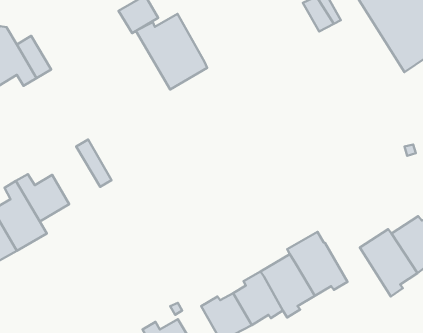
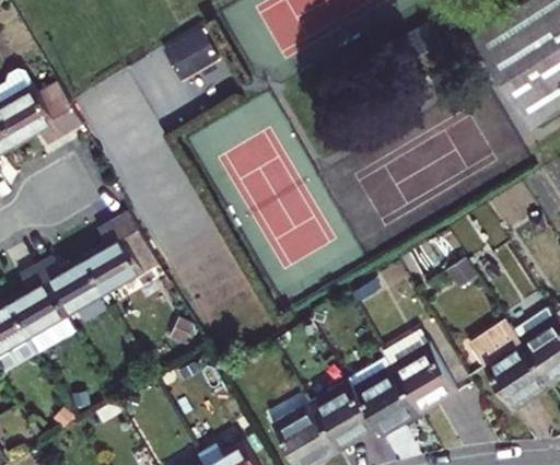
building: [136,14,207,89] -> none
building: none -> [82,221,143,294]

